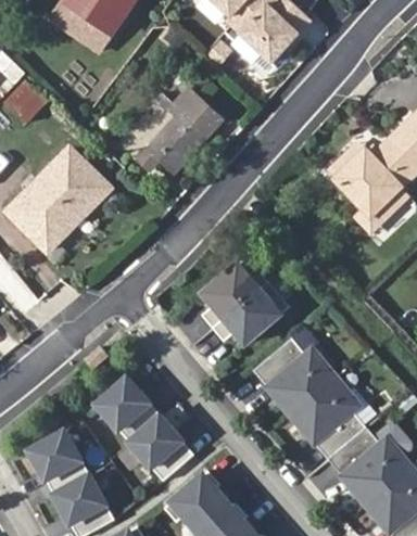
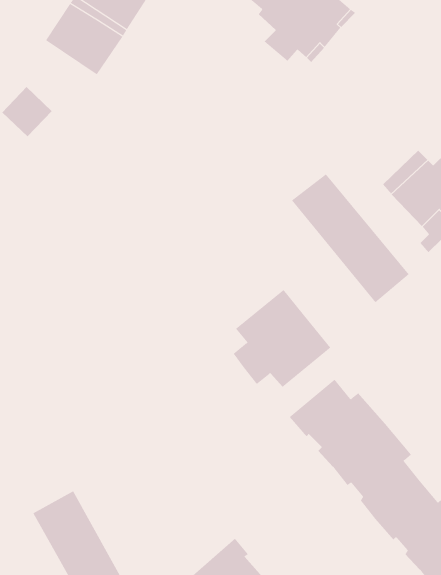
building: [147,88,222,173] -> none
building: [7,148,109,251] -> none
building: none -> [291,173,409,303]
building: [97,380,193,483] -> none

